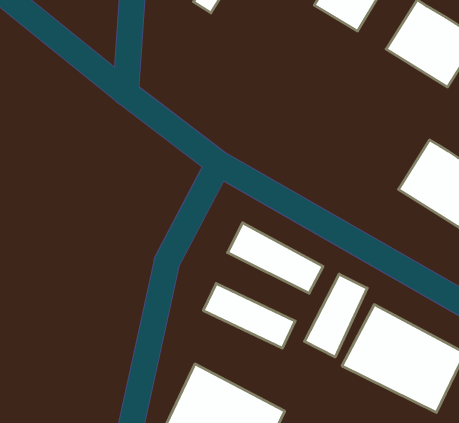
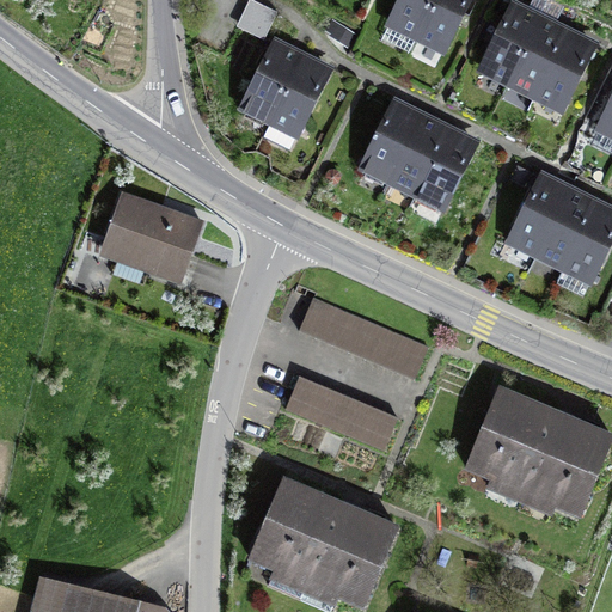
building: none -> [243,44,328,131]
building: none -> [366,105,477,208]
building: none -> [98,192,203,275]
building: [304,274,367,357] -> none

